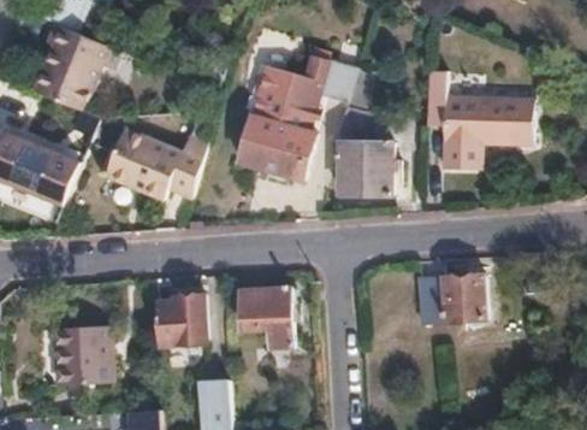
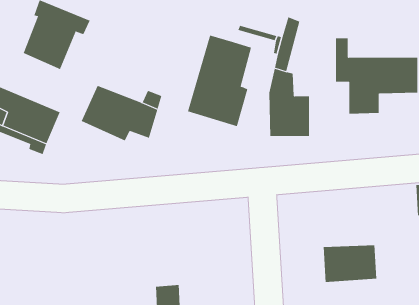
building: [419,276,486,323] -> [323,245,377,283]
building: [239,288,292,347] -> none
building: [155,294,204,346] -> none
building: [53,323,109,382] -> none

